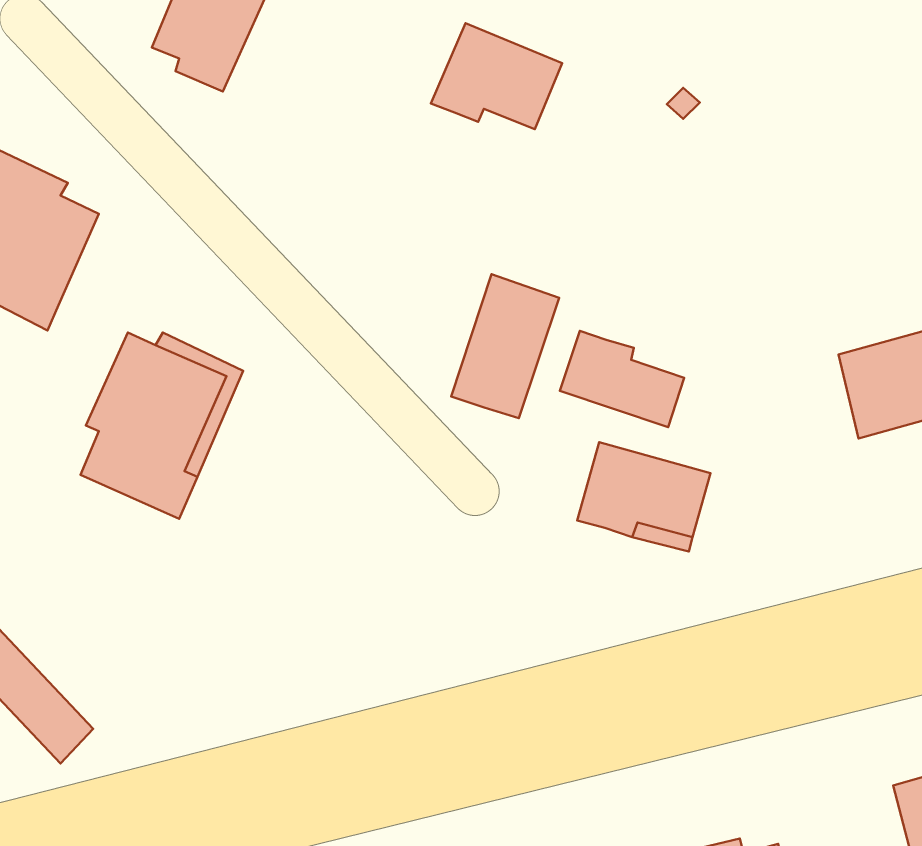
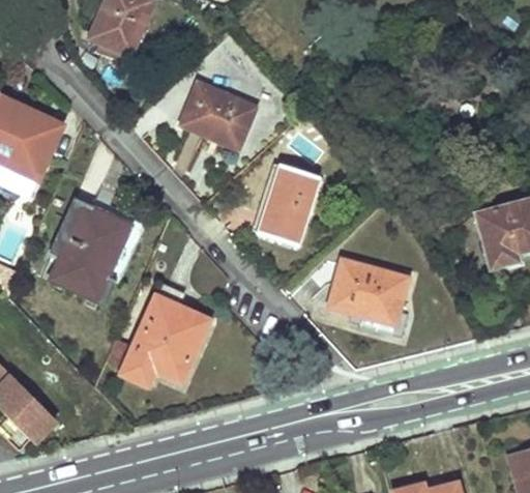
building: [431,23,562,129] -> [180,83,255,143]
building: [560,331,684,427] -> none
building: none -> [122,285,207,383]

